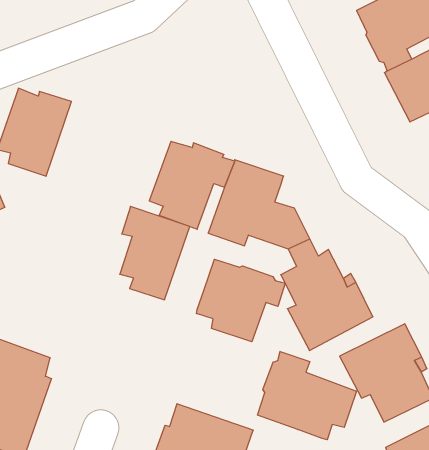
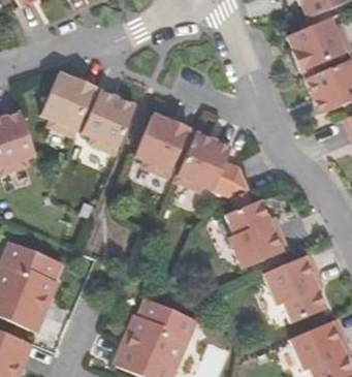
building: [120,206,190,300] -> [82,91,132,157]
building: [196,259,285,342] -> none
building: [258,351,357,440] -> none

